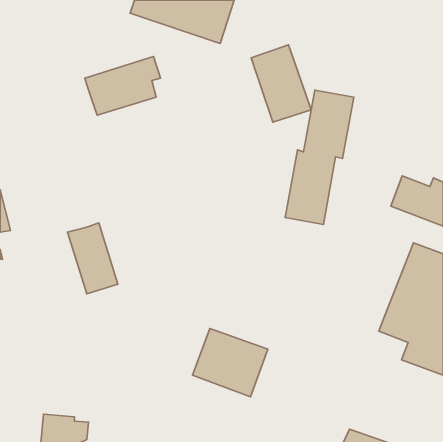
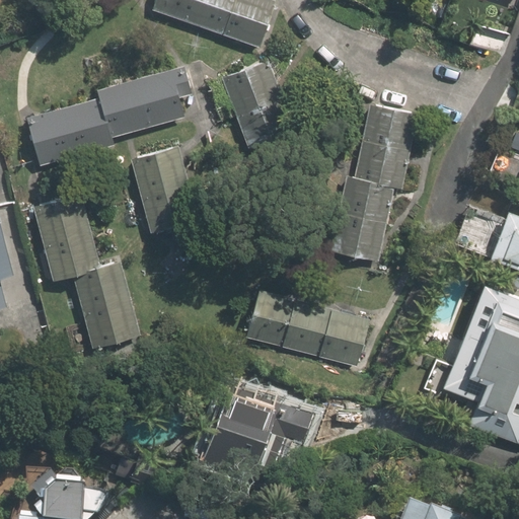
building: [251,45,311,122] -> [224,63,294,153]
building: none -> [32,100,115,162]
building: none -> [132,147,194,232]
building: none -> [32,194,101,281]
building: none -> [248,290,368,364]

